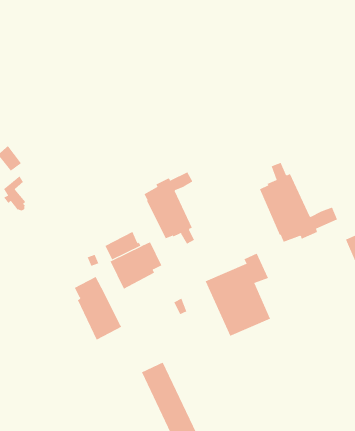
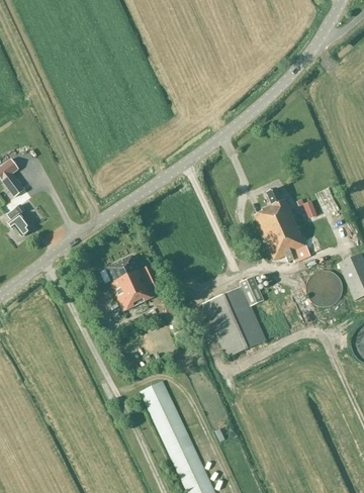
building: [144,172,195,245] -> none
building: none -> [306,270,343,306]
building: [74,276,122,341] -> none

